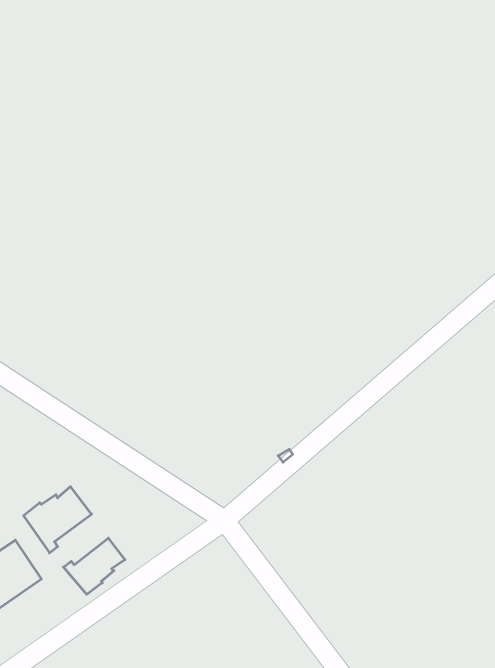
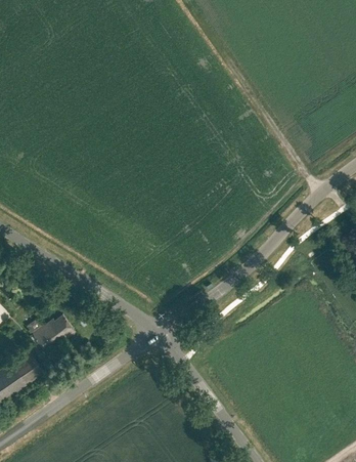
building: [63,538,125,594] -> none

